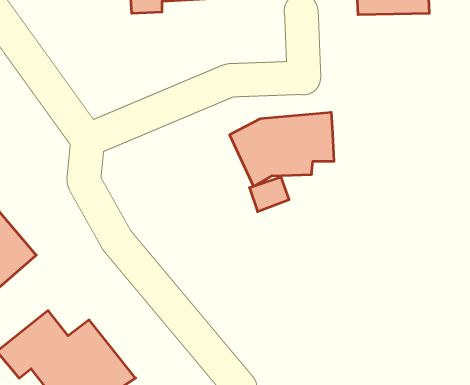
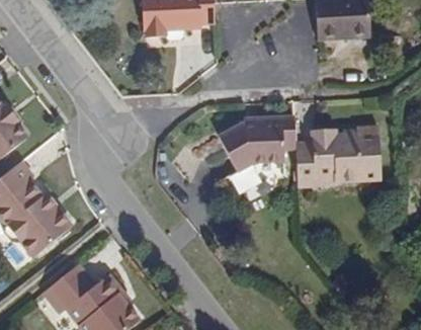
building: none -> [298,123,384,186]

